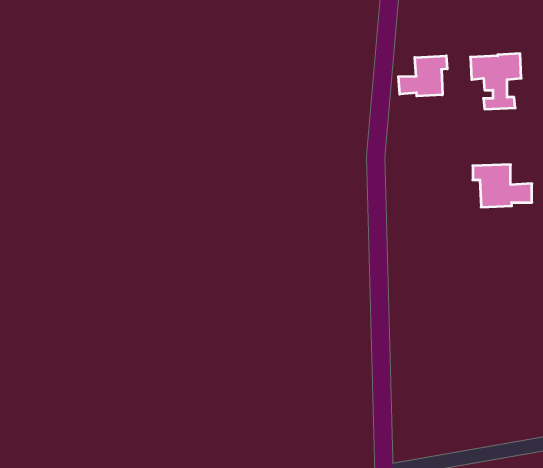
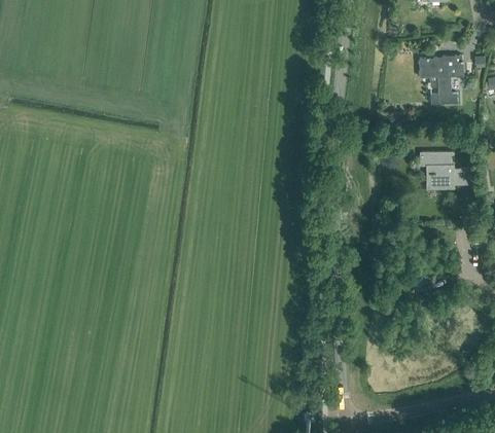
building: [398,56,447,96] -> none

